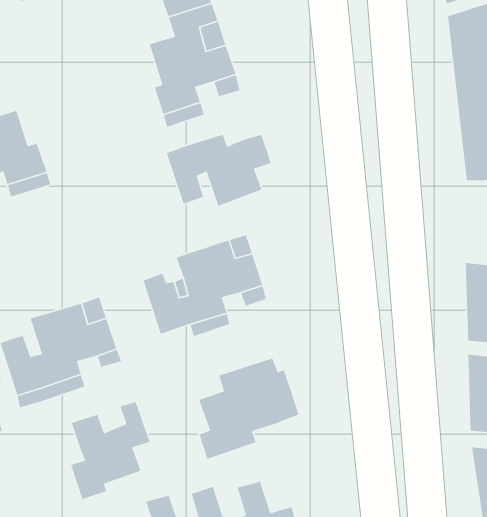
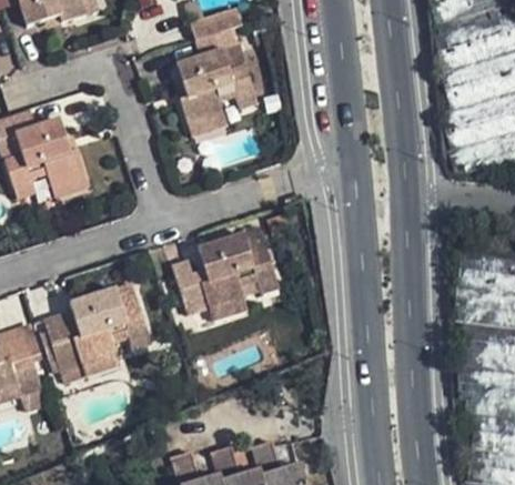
building: [166,134,272,207] -> none
building: [198,357,299,460] -> none
building: [70,401,151,500] -> none

